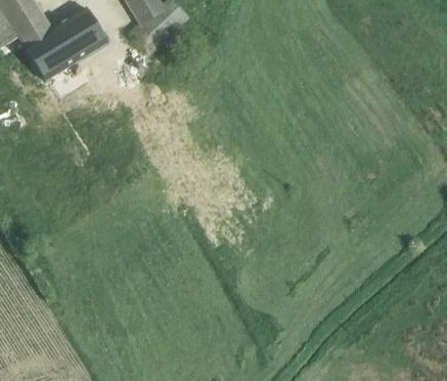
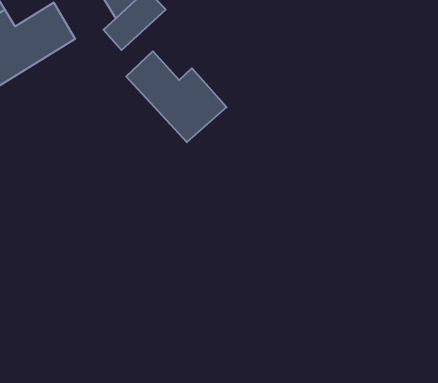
building: none -> [126,51,227,142]

